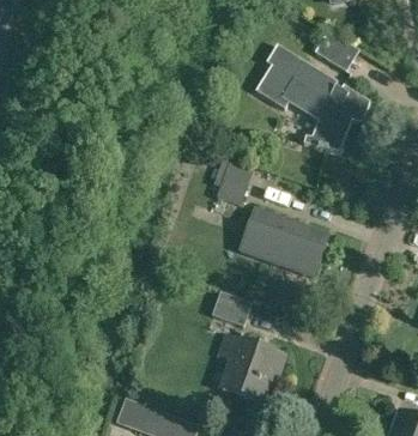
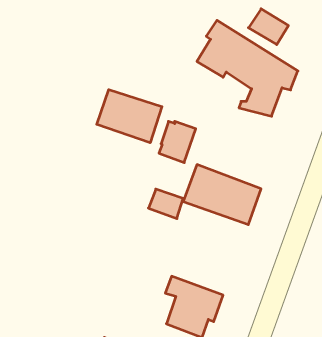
building: none -> [97,90,162,143]
building: [212,292,252,326] -> [148,189,183,219]

